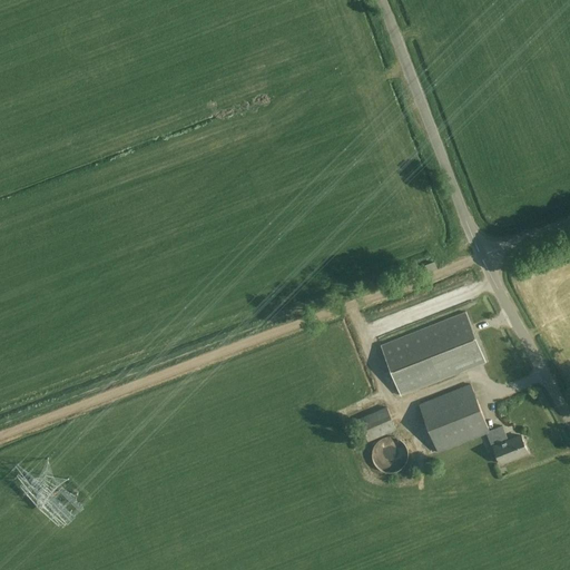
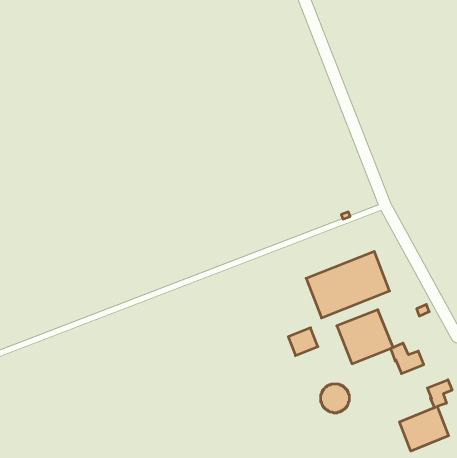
building: [371,436,406,472] -> [321,384,349,413]
building: none -> [399,380,452,451]

